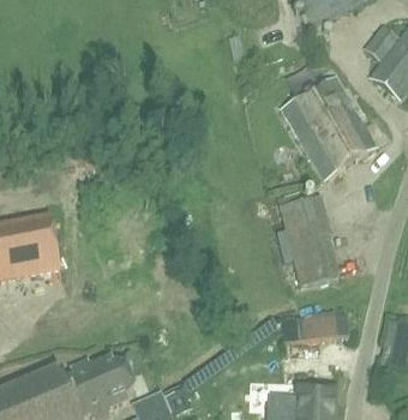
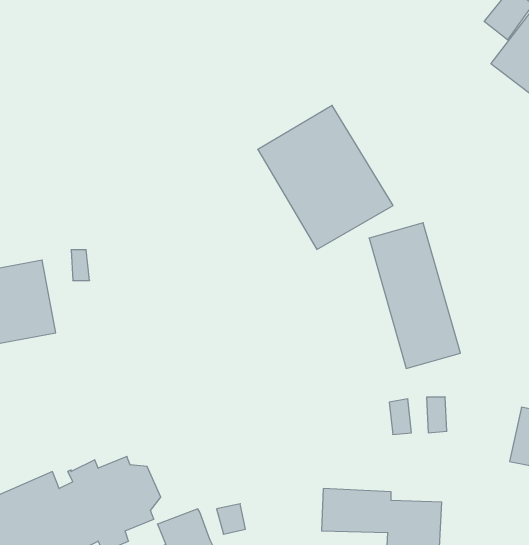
building: [281,74,377,176] -> [258,105,393,249]

